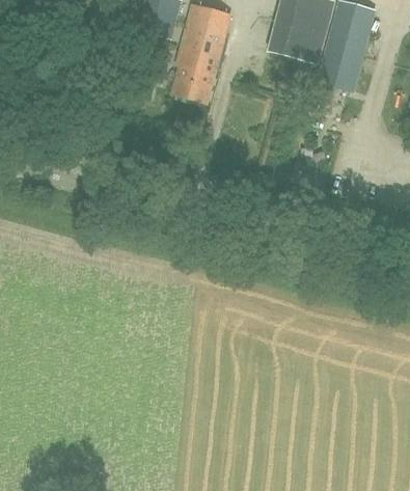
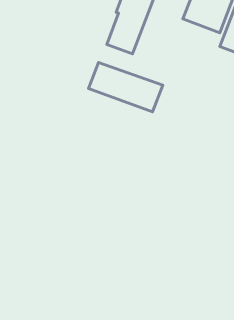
building: none -> [89,62,163,112]

